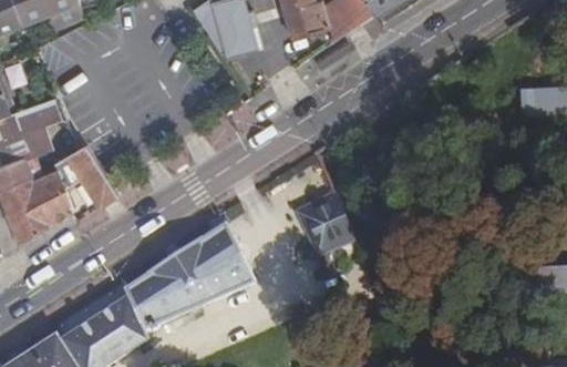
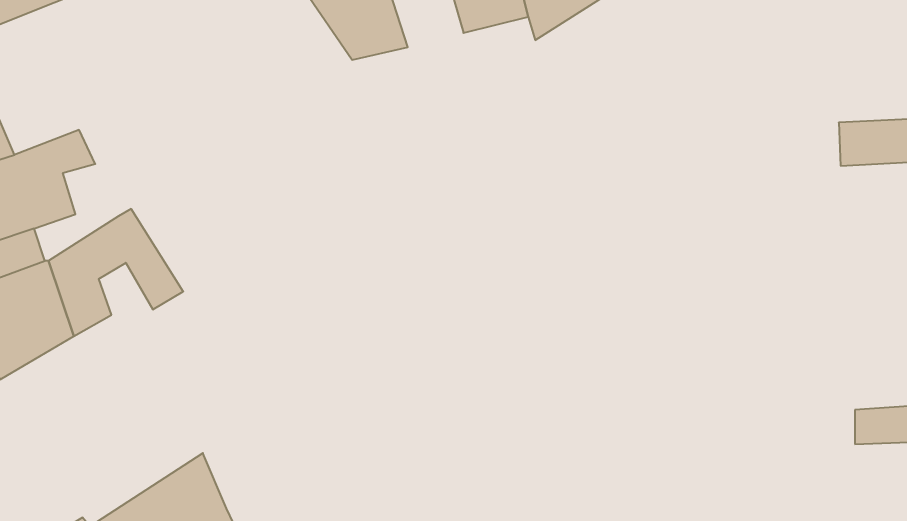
building: [297,195,355,259] -> none
building: [128,225,254,330] -> none

